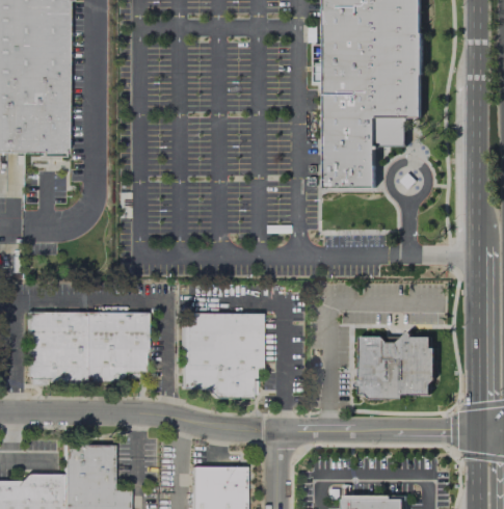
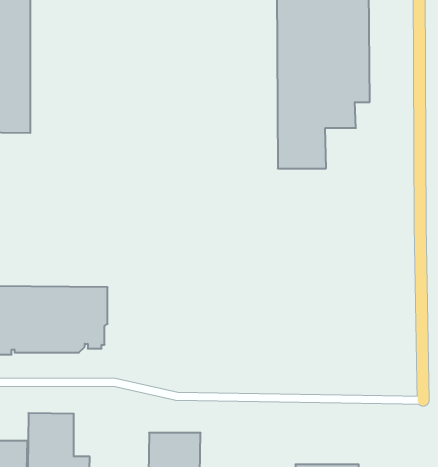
building: [181,312,262,398] -> none
building: [355,332,434,399] -> none

